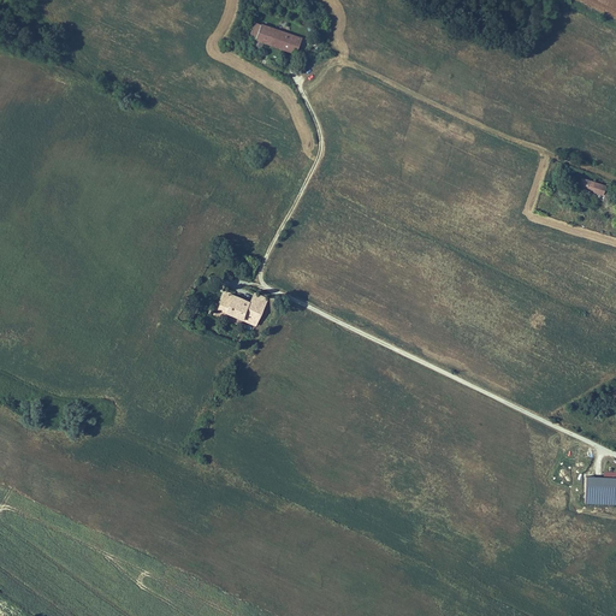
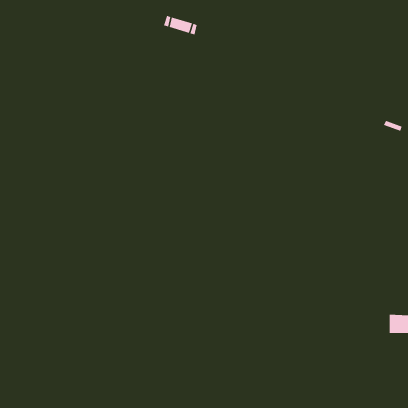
building: [227,295,268,324] -> none

